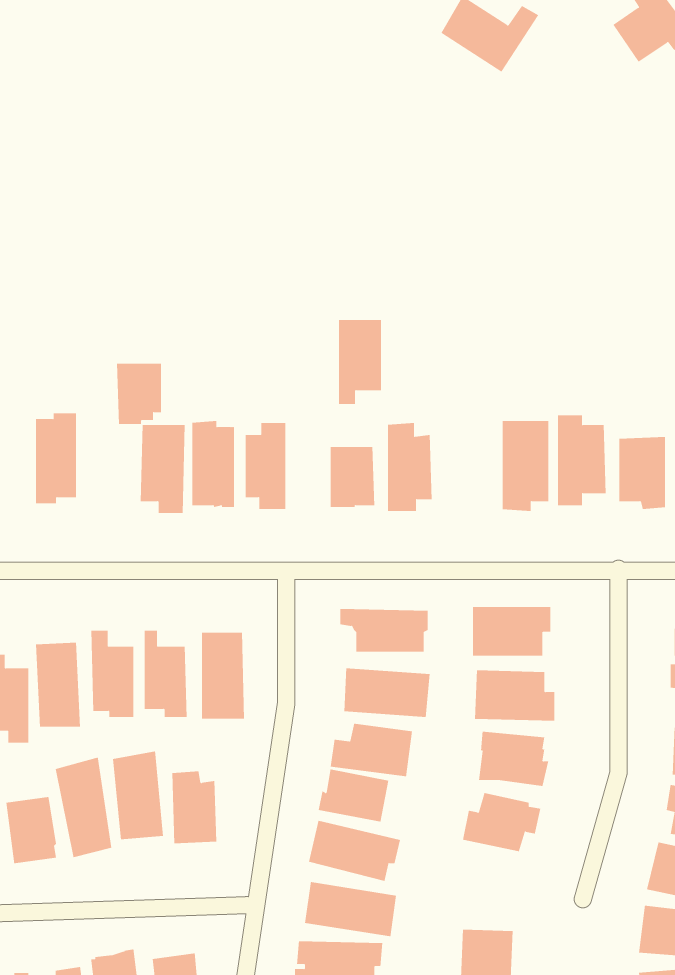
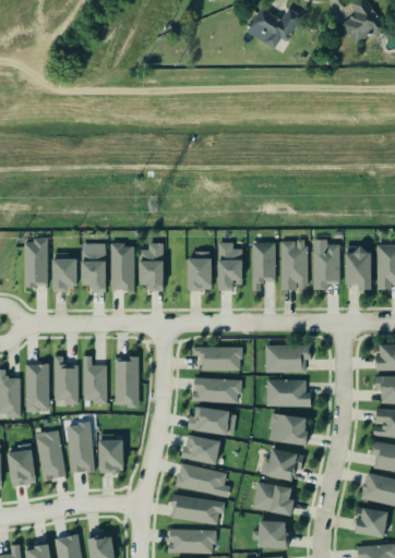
building: [338,320,382,405] -> [252,244,276,291]
building: [116,363,162,425] -> [52,257,77,291]
building: none -> [252,482,292,514]

